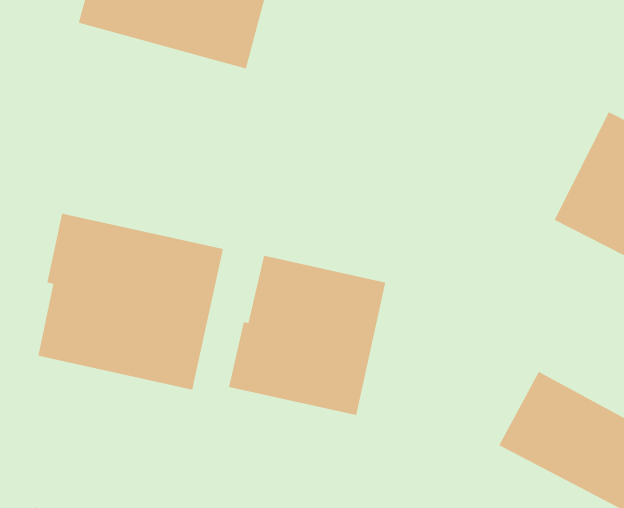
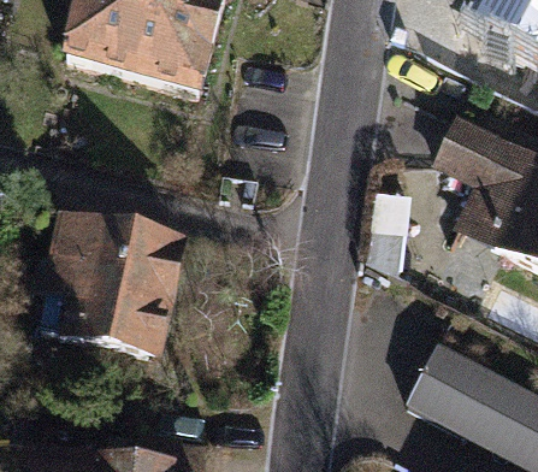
building: [228,255,386,416] -> none

